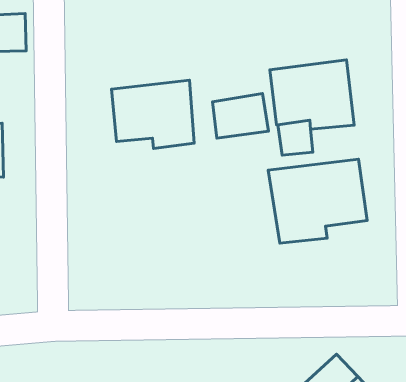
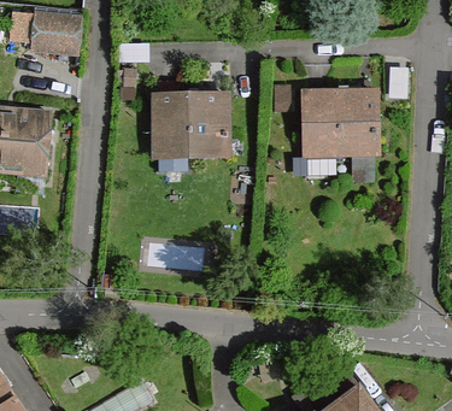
building: [212,93,268,138] -> none
building: [268,159,367,243] -> none

